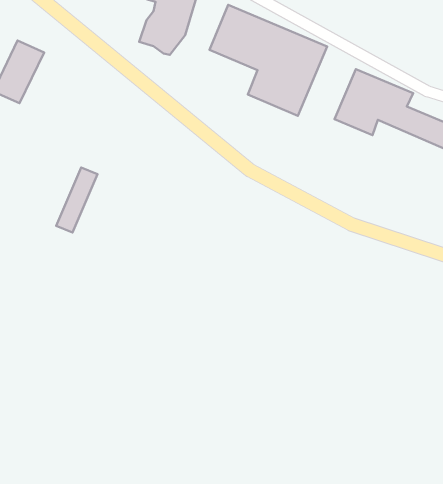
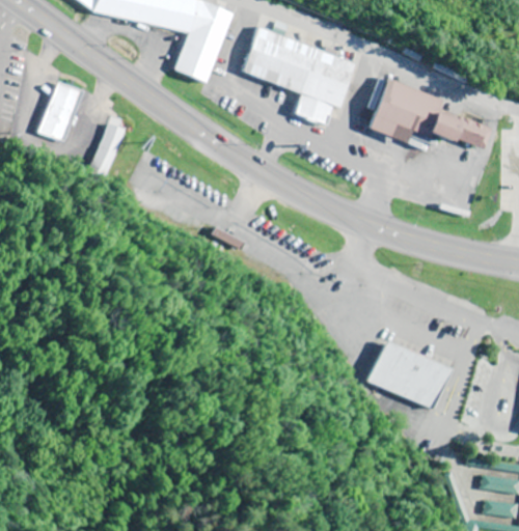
building: [56,167,98,232] -> [86,114,122,178]
building: none -> [365,339,449,409]

